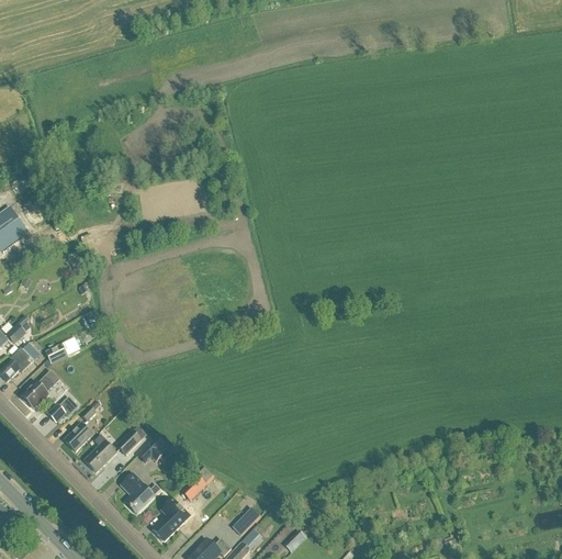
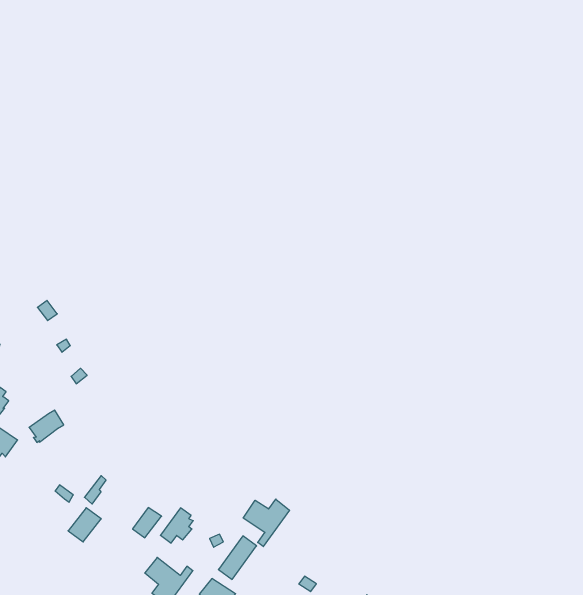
building: [21,377,53,409] -> none
building: [85,434,115,472] -> none
building: none -> [243,499,290,547]

